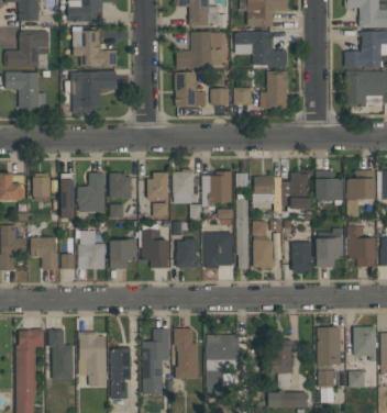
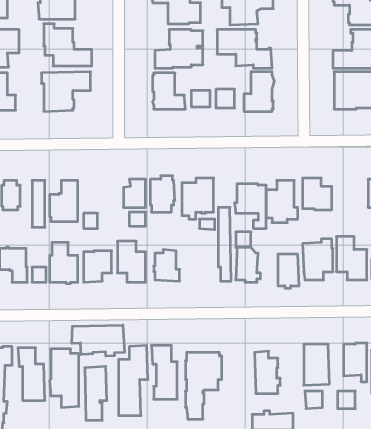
building: [347,170,375,216] -> none
building: [110,174,133,199] -> none
building: [204,233,232,269] -> none
building: none -> [72,325,124,356]

